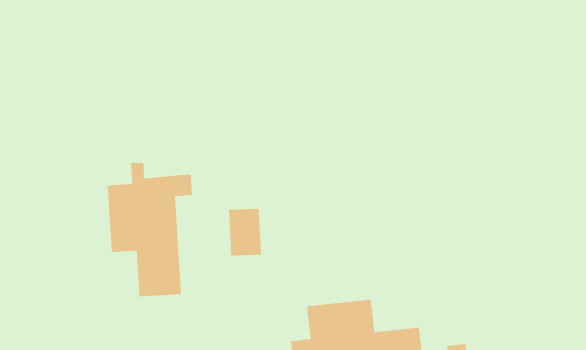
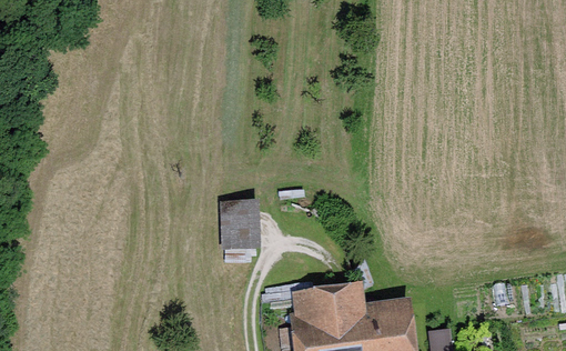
building: [107,162,192,297] -> none

